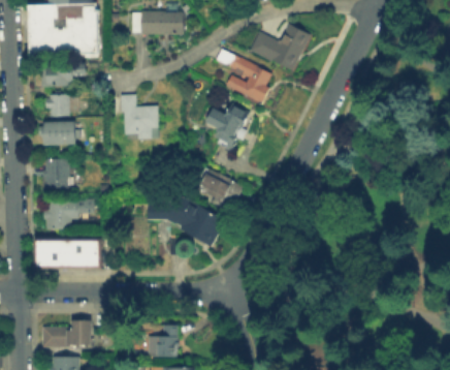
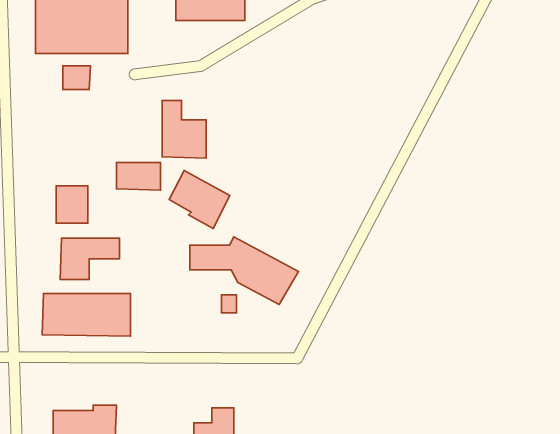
building: [248,25,308,68] -> none
building: [216,51,272,102] -> none
building: [47,95,71,115] -> none
building: [213,106,247,149] -> none
building: [42,123,75,144] -> [116,163,160,190]
building: [195,167,240,211] -> [169,171,230,229]

